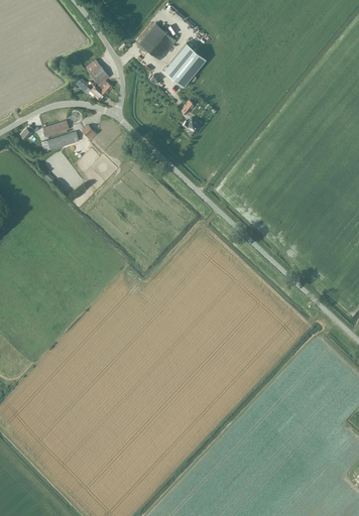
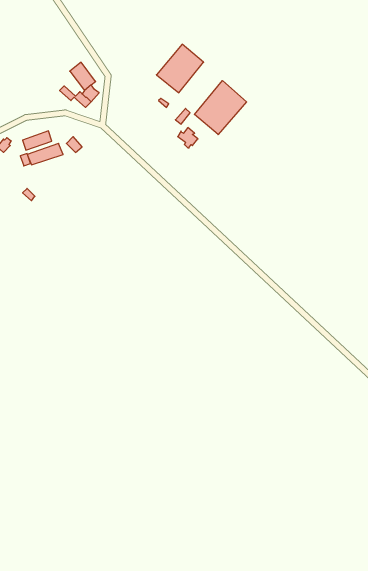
building: [139,23,176,59] -> none
building: none -> [194,81,247,135]

